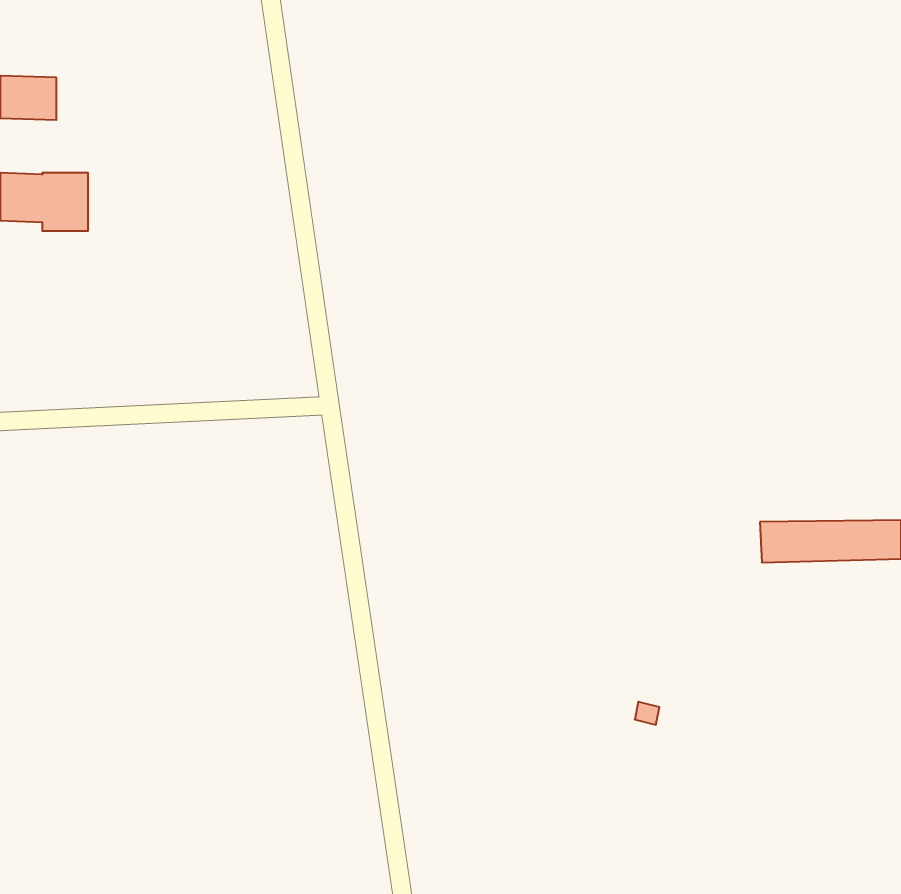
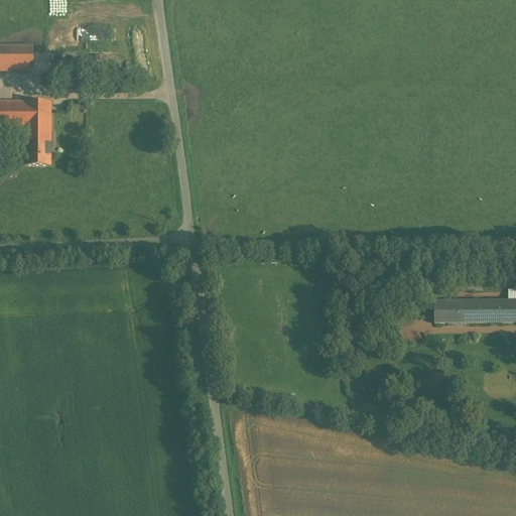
building: none -> [24,132,50,163]

